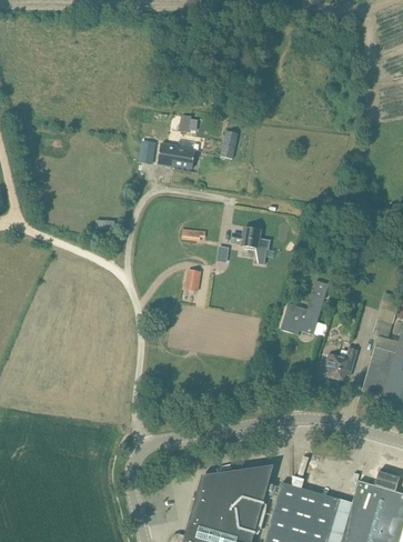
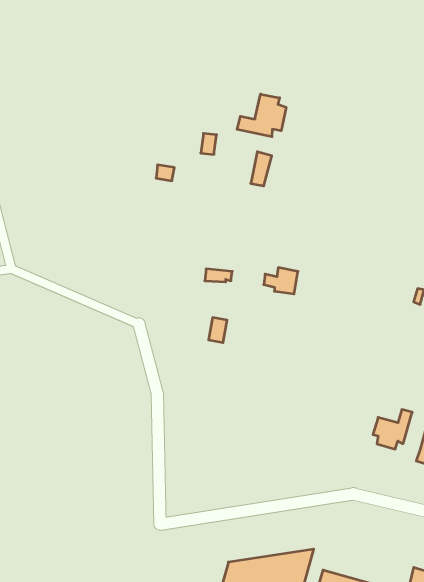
building: none -> [237,94,286,137]
building: [158,142,195,168] -> none
building: [281,280,328,333] -> none

